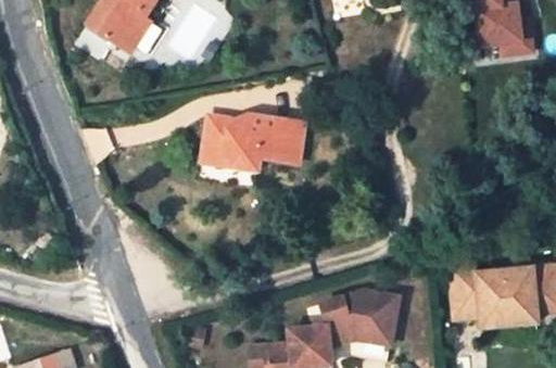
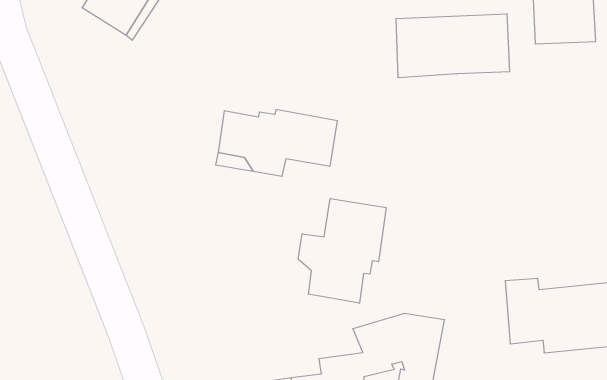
building: none -> [396,14,510,78]
building: none -> [298,198,386,303]

